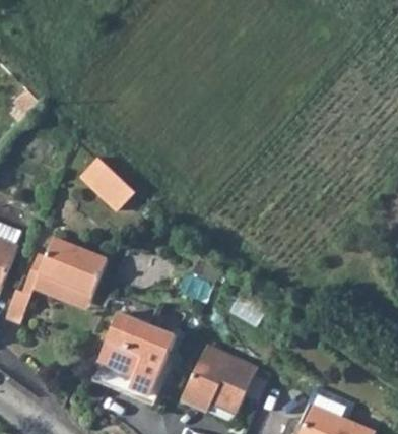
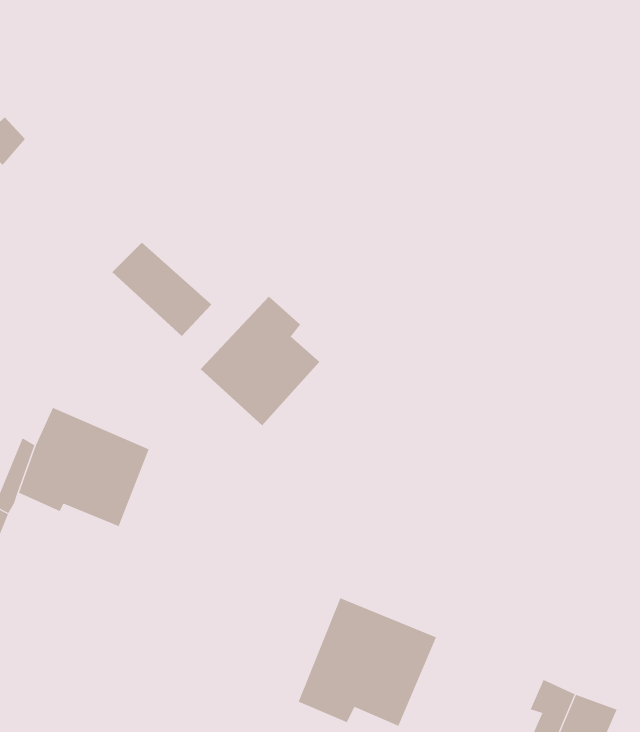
building: none -> [200,296,320,426]
building: [93,312,175,395] -> none

